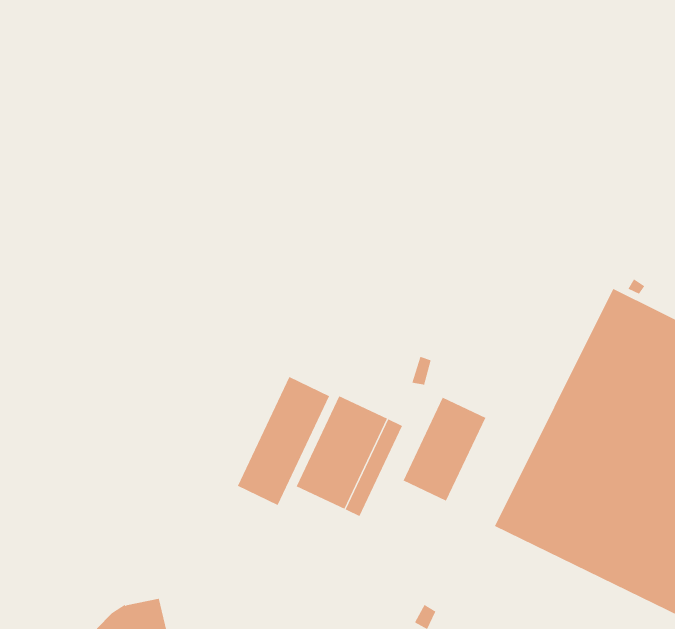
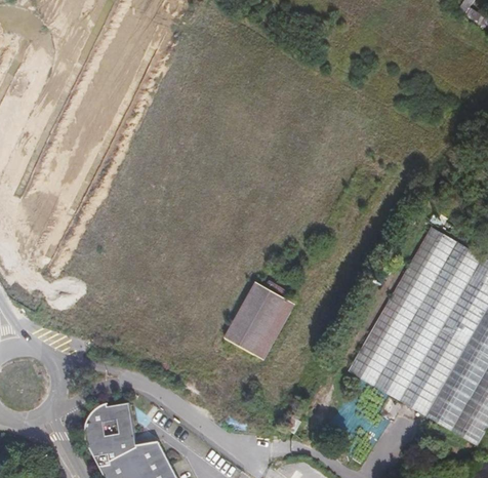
building: [237,376,330,506] -> none
building: [403,397,486,502] -> none

